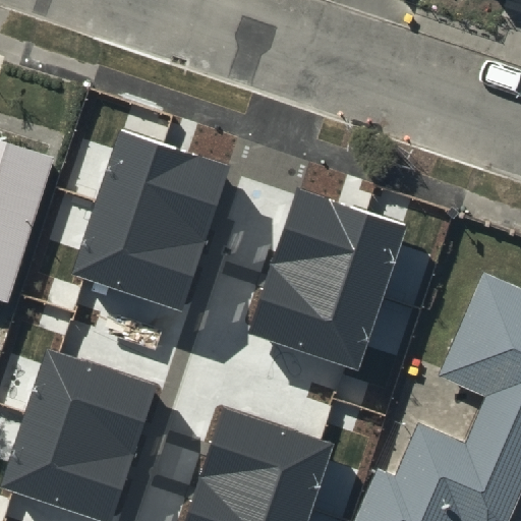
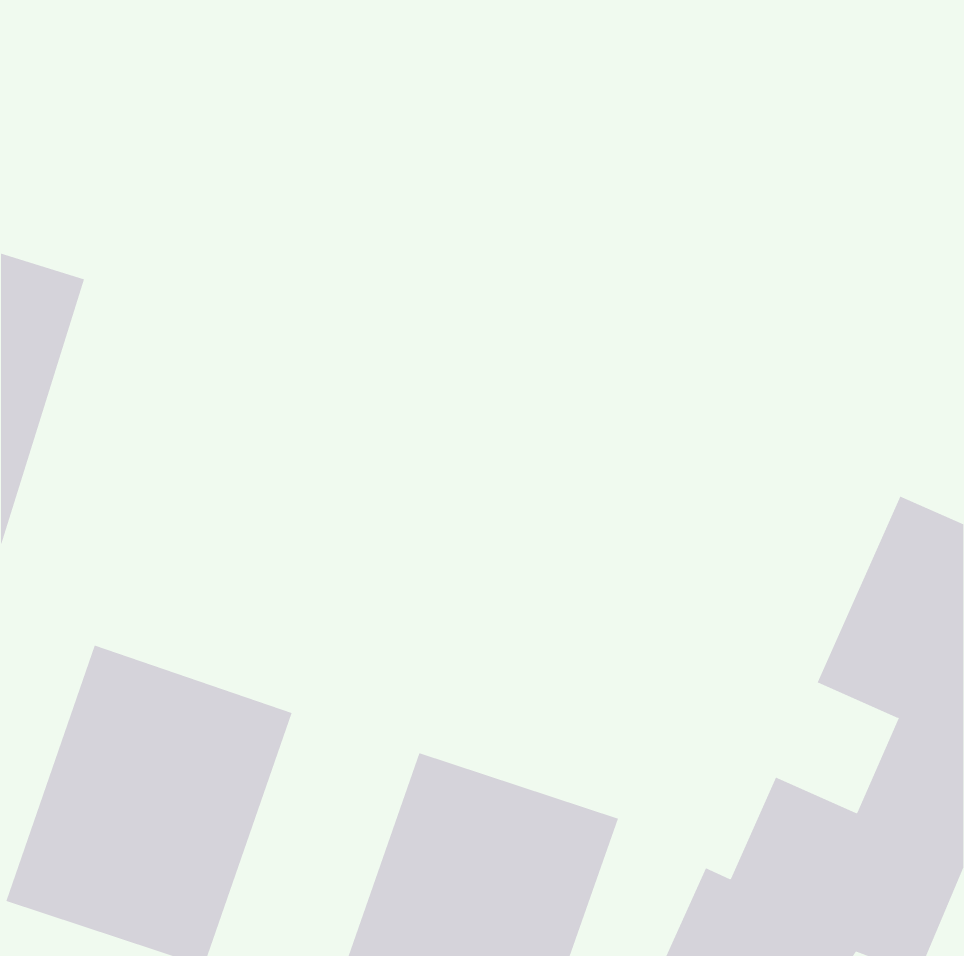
building: [75,133,230,307] -> none
building: [250,190,405,365] -> none

